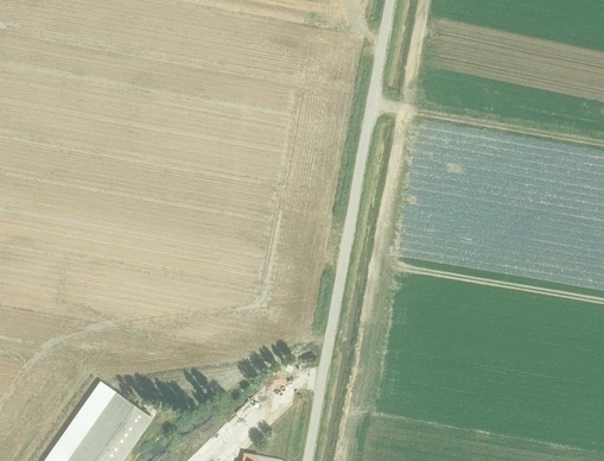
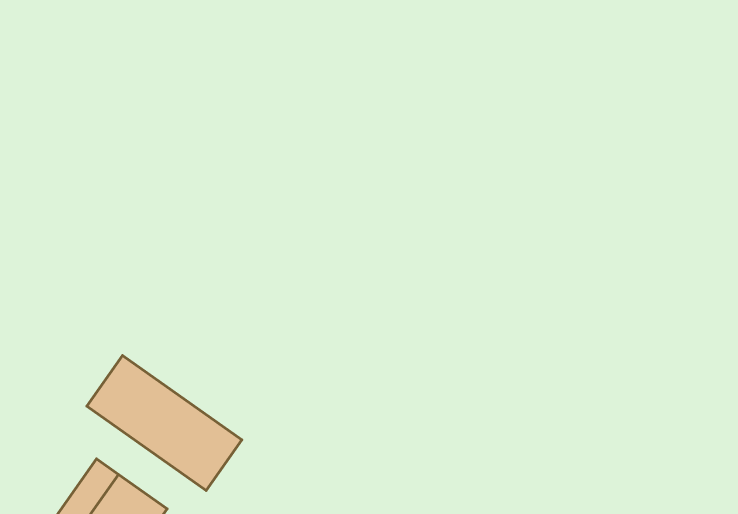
building: none -> [87,355,242,490]

